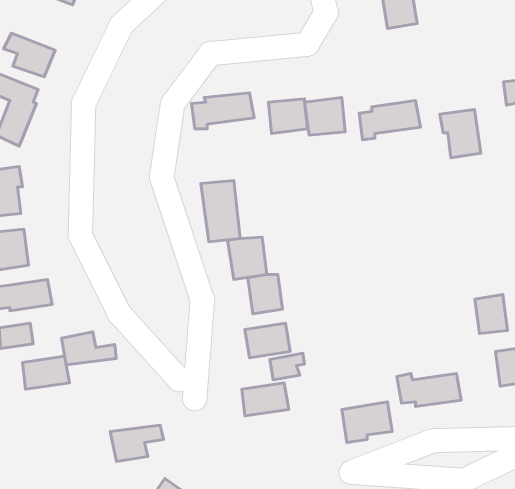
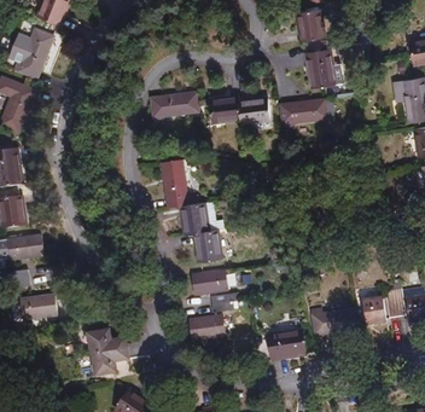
building: none -> [12,28,54,59]
building: [440,109,481,158] -> [304,50,336,87]
building: [475,294,508,334] -> [361,296,386,326]
building: [61,332,116,365] -> [85,327,127,353]

